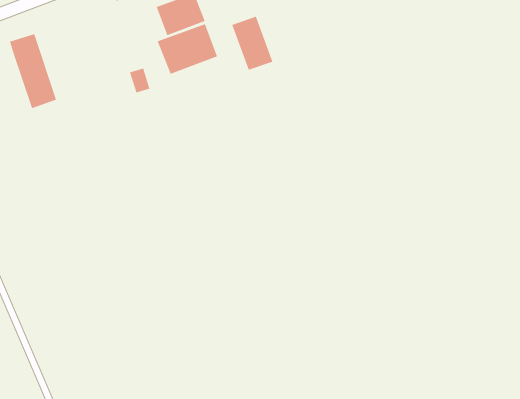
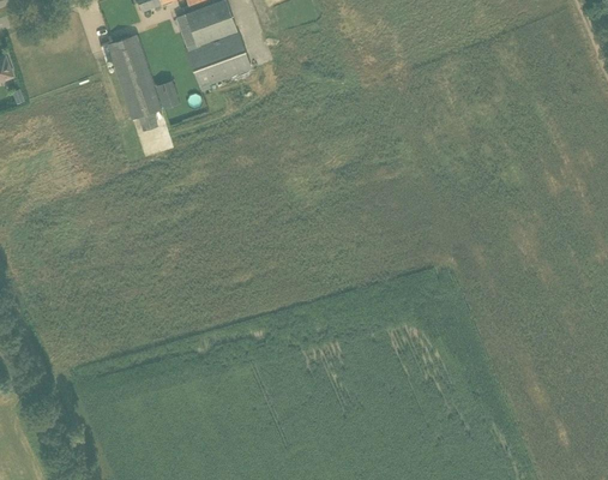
building: [231,16,273,71] -> none
building: [9,34,57,109] -> [107,36,158,118]

